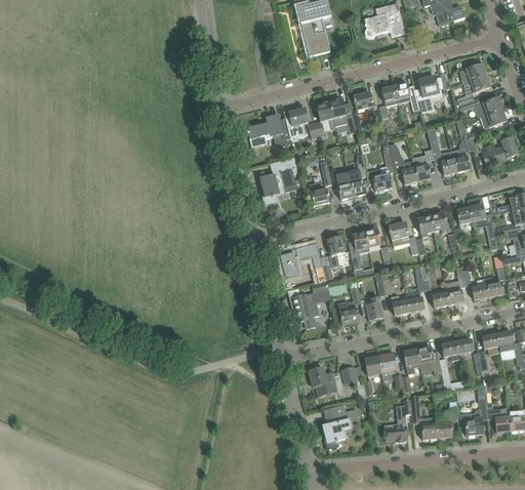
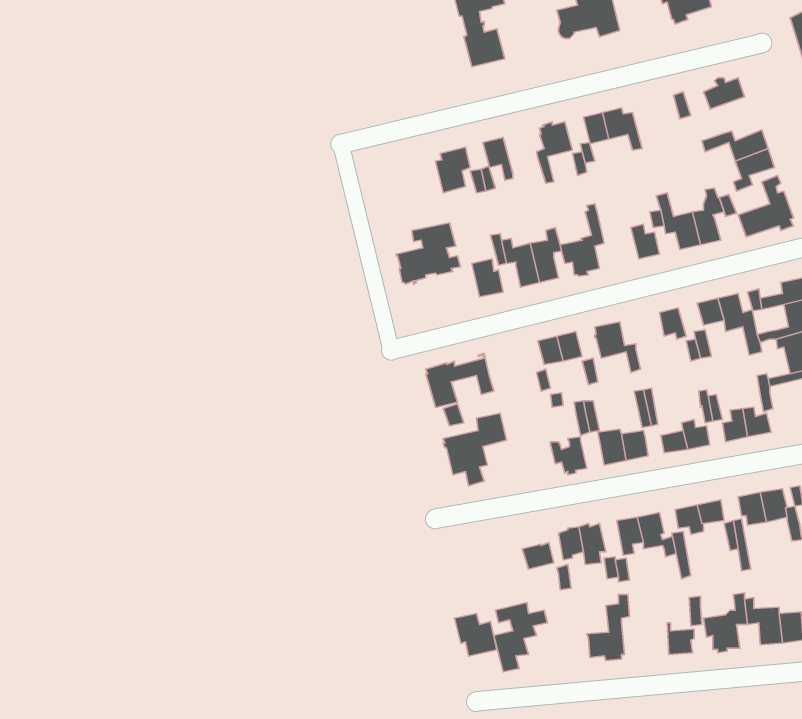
building: [416,74,443,112] -> none
building: [456,75,490,104] -> none
building: [329,97,357,133] -> none
building: [247,114,285,148] -> none
building: [389,142,417,183] -> none
building: [415,215,434,255] -> none
building: [323,236,345,278] -> none
building: [334,286,360,326] -> none
building: [309,367,336,395] -> [454,613,497,656]
building: [411,395,437,439] -> none

